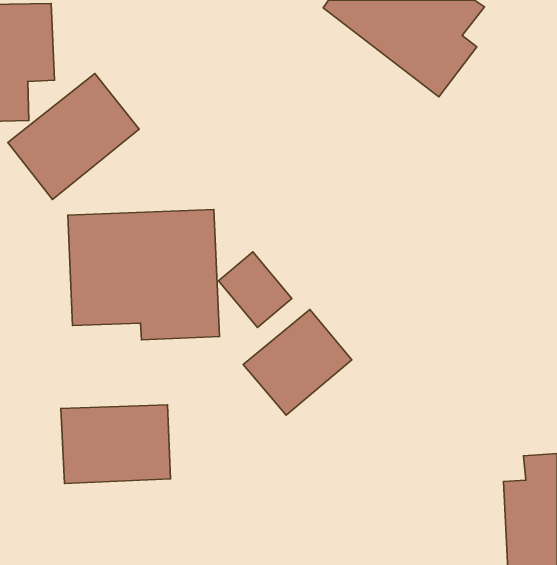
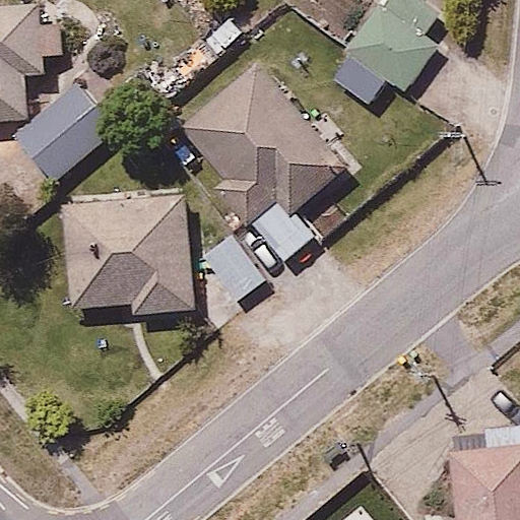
building: none -> [170,65,341,265]
building: [243,309,352,415] -> none
building: [61,405,170,483] -> none

